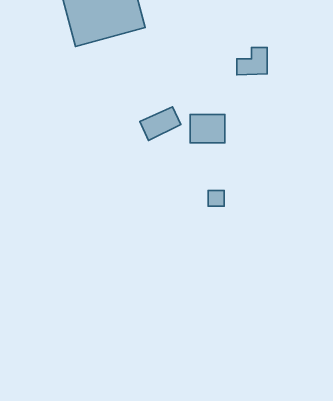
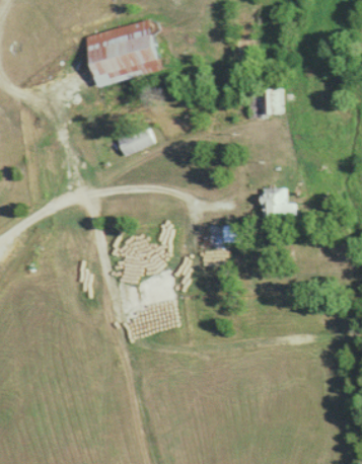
building: [140,107,181,140] -> [116,126,155,158]
building: [190,114,225,143] -> [261,188,294,216]

